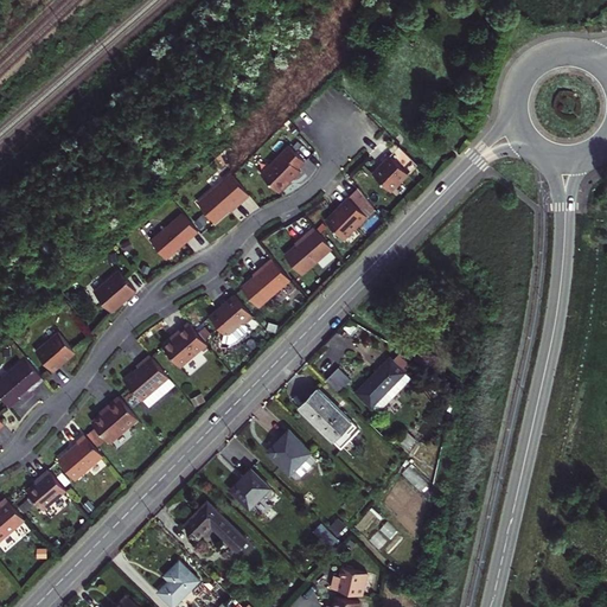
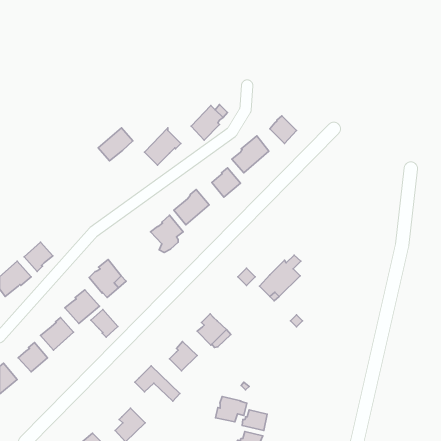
building: [148,216,196,261] -> [98,128,133,161]
building: [91,273,133,312] -> none
building: [160,325,200,365] -> none
building: [299,389,359,449] -> none
building: none -> [91,309,118,337]
building: none -> [215,396,247,422]

